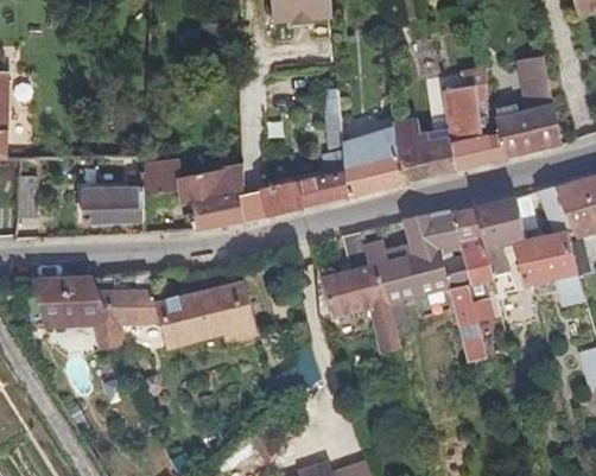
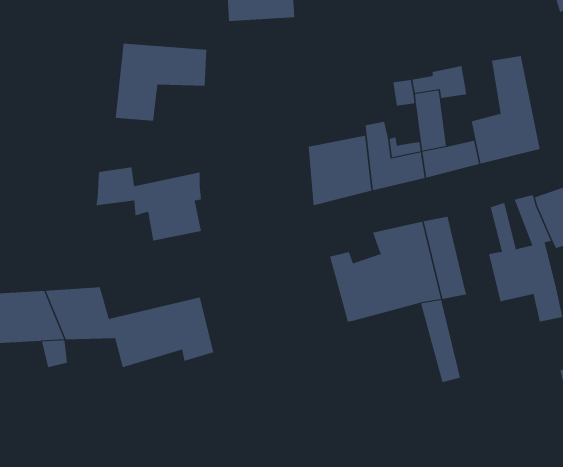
building: none -> [115,43,207,121]
building: [237,88,348,221] -> none
building: [83,189,145,223] -> none
building: [475,198,525,277] -> none
building: [322,266,395,339] -> none

